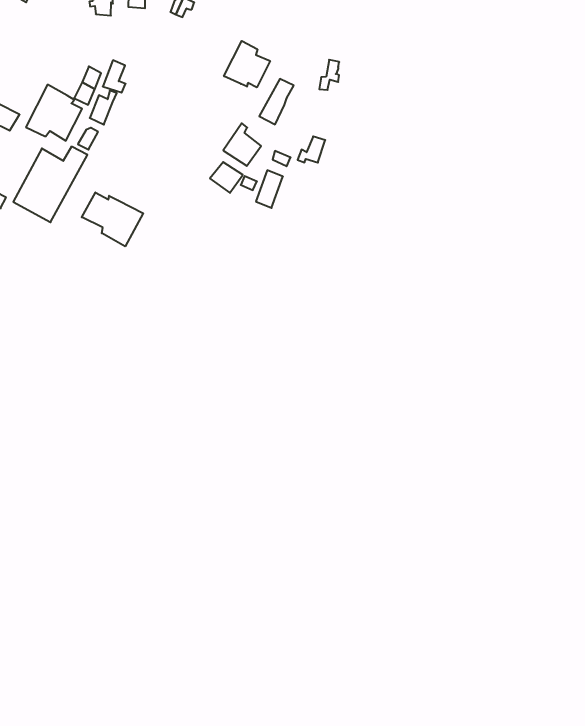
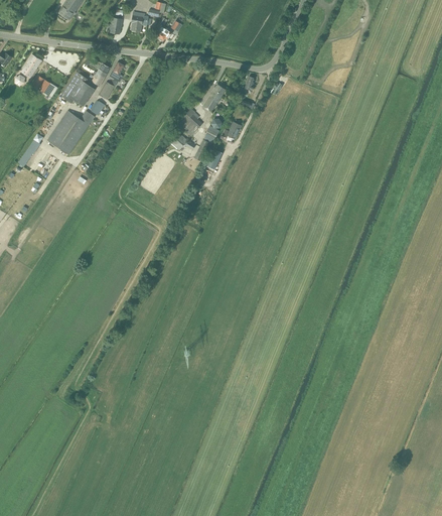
building: [224,41,270,87] -> none
building: [82,192,143,246] -> none

